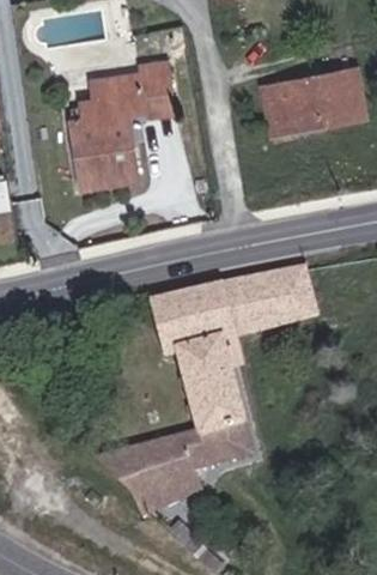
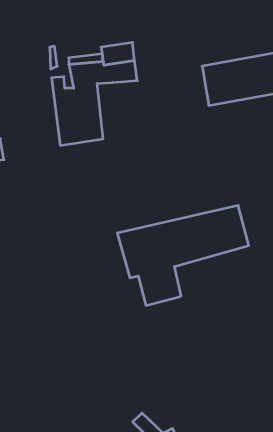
building: [93,379,253,509] -> none

